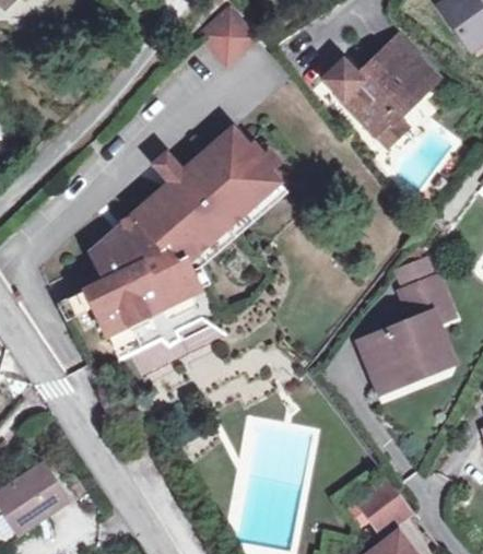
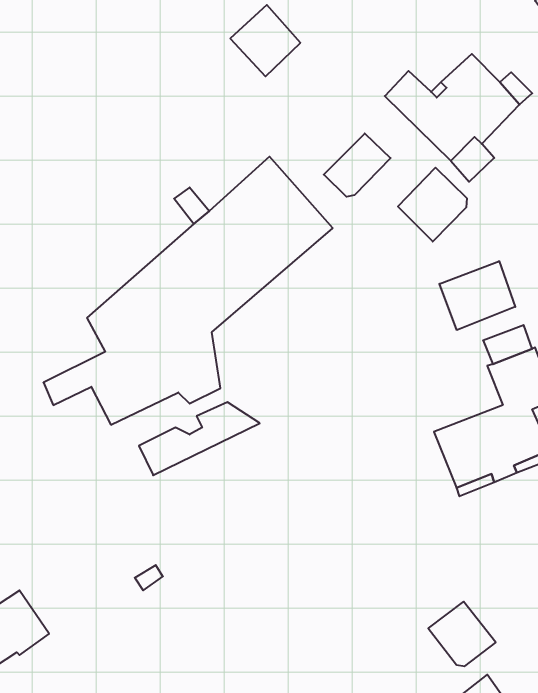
building: none -> [324,133,391,197]
building: none -> [398,168,467,242]
building: none -> [439,261,515,330]

